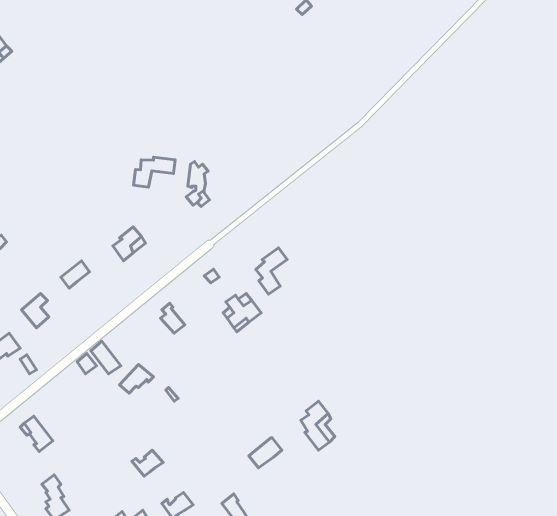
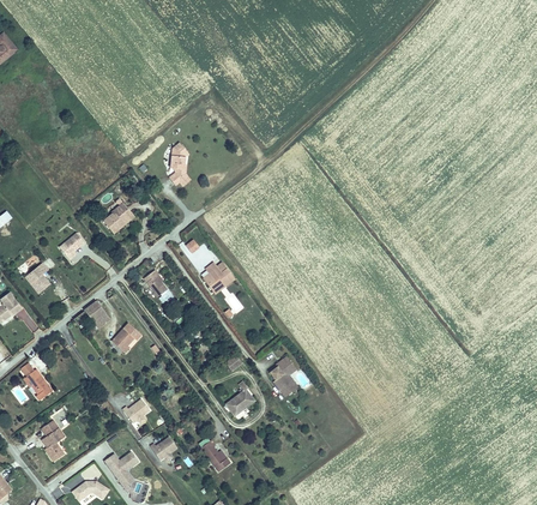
building: [134,157,175,187] -> none
building: [256,248,287,294] -> none

